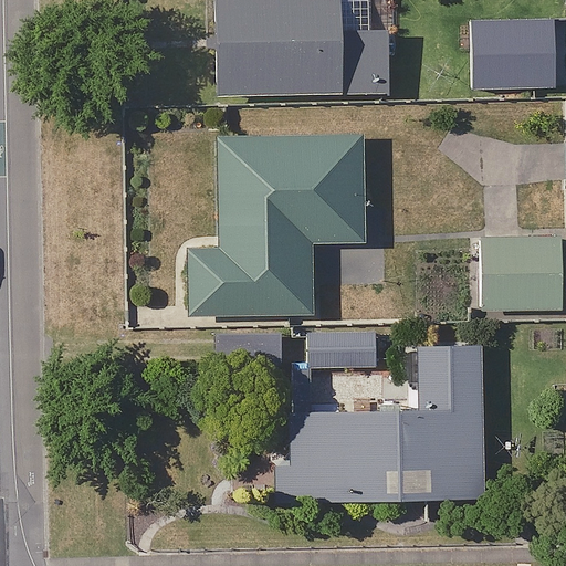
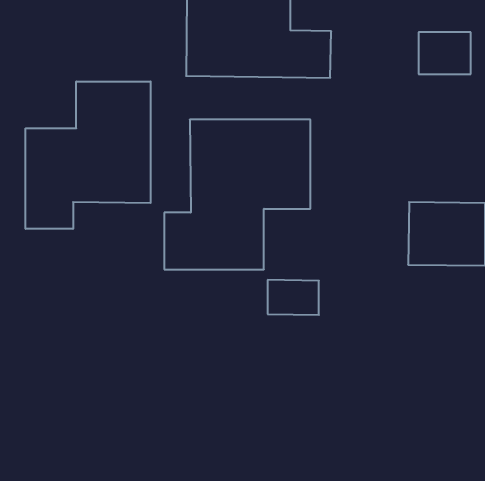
building: none -> [26,81,151,229]
building: [284,349,483,501] -> none

